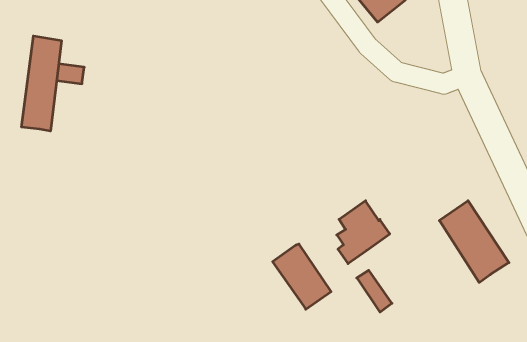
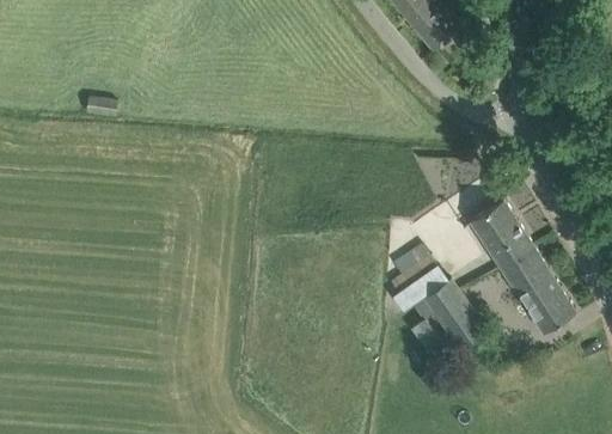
building: [22,36,61,131] -> none
building: none -> [471,201,532,267]
building: [273,244,331,309] -> [422,280,485,350]

